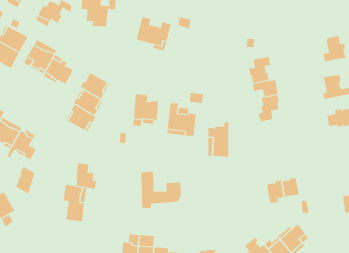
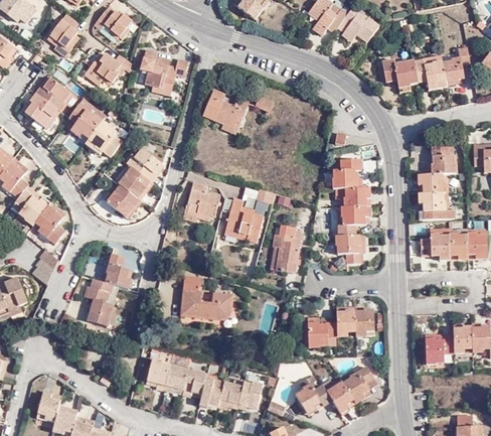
building: none -> [422,173,443,192]
building: none -> [338,235,361,263]
building: none -> [308,322,337,347]

